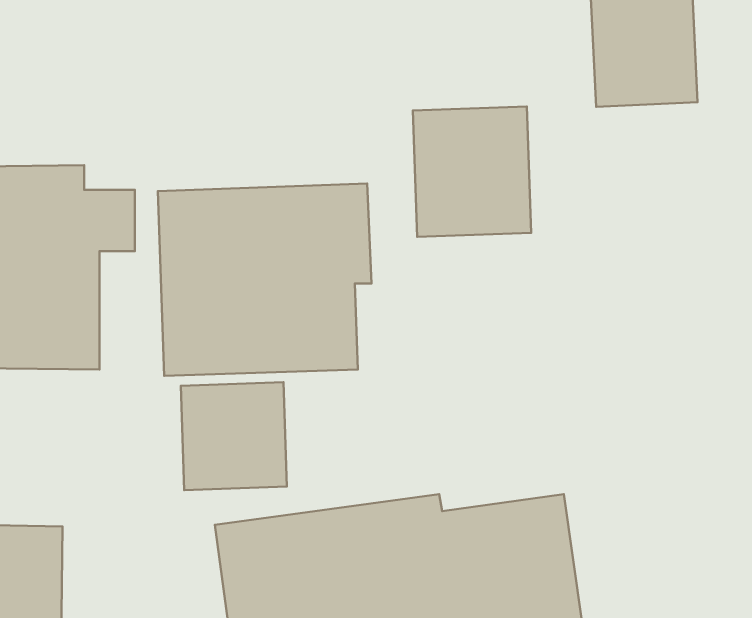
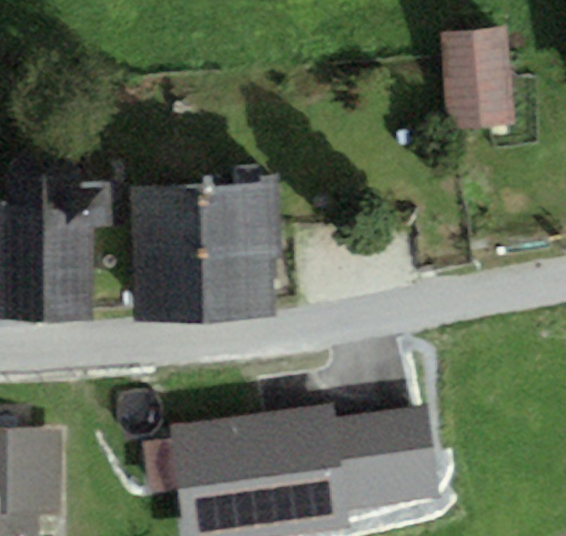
building: [413,106,531,237] -> none
building: [181,382,287,490] -> none

